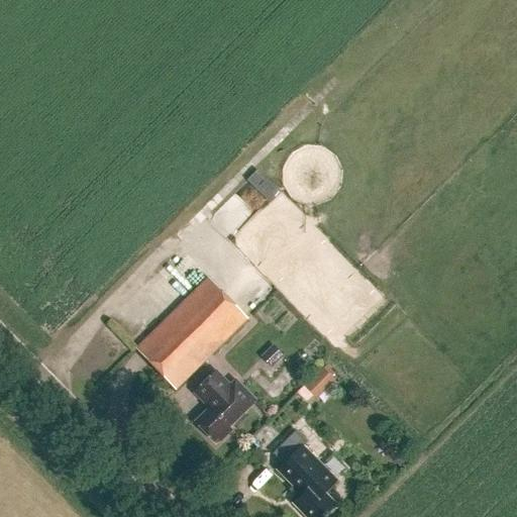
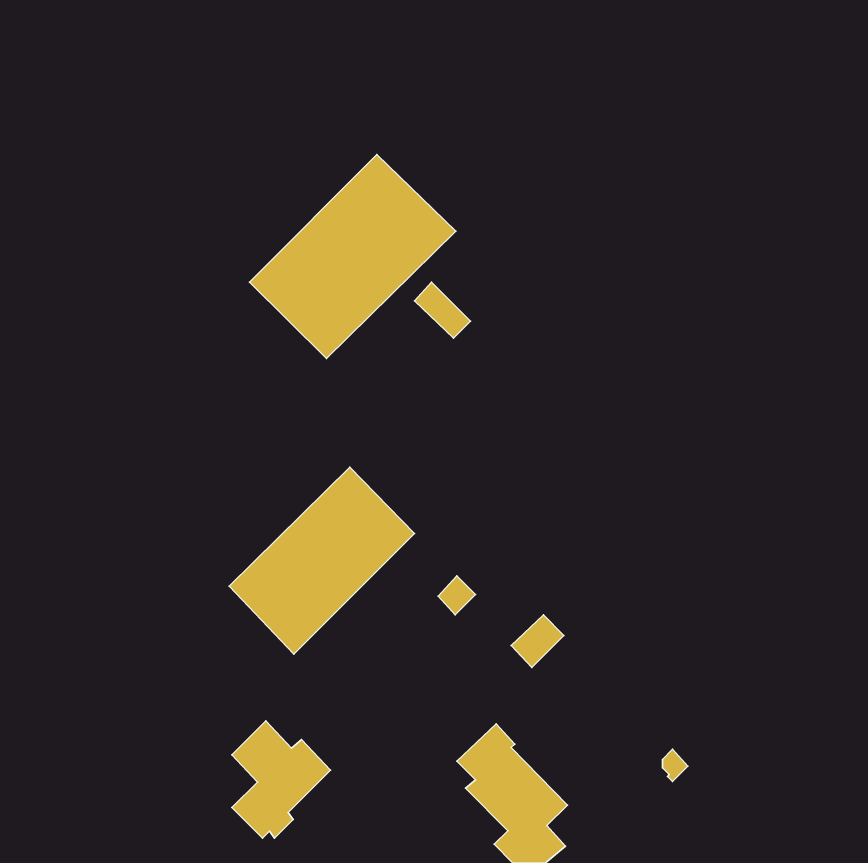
building: none -> [249,155,456,358]
building: [195,371,253,440] -> [232,721,330,838]

